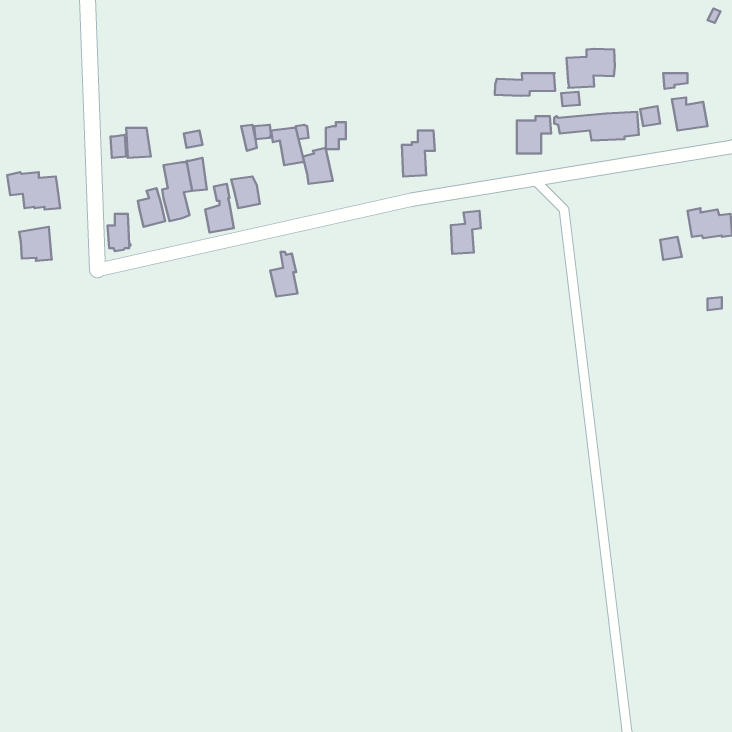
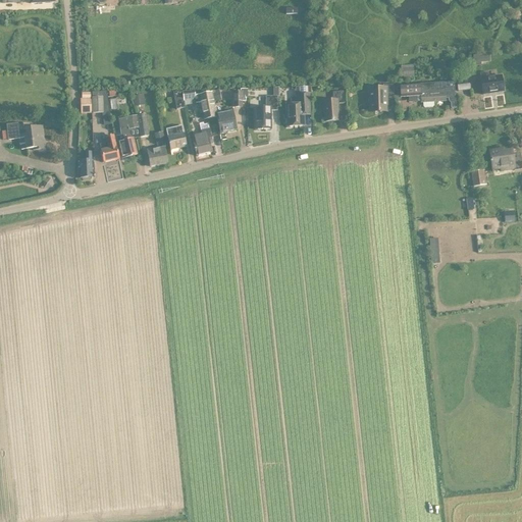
building: [567,49,615,88] -> none
building: [495,73,555,96] -> none
building: none -> [255,95,277,128]
building: [451,211,481,254] -> [323,90,345,120]
building: [19,227,52,261] -> none
building: [270,252,298,296] -> [192,121,211,153]

